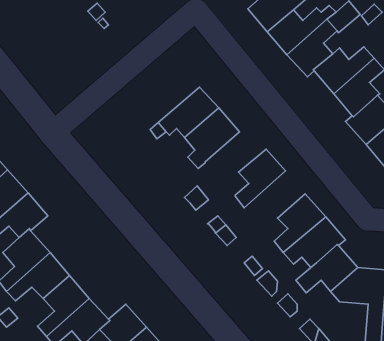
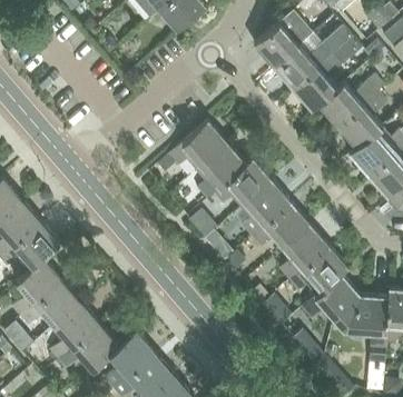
building: none -> [214,159,273,206]
building: none -> [252,202,311,249]

